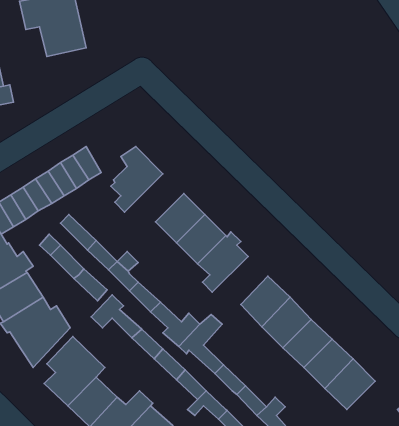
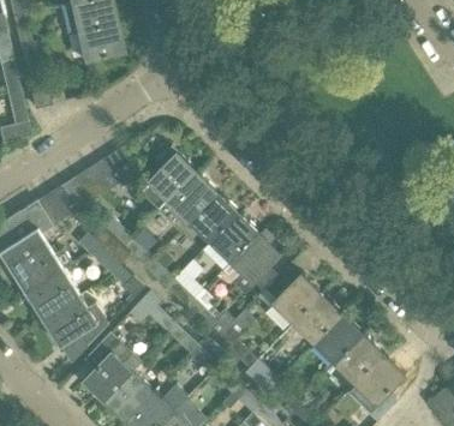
building: none -> [160,175,219,234]

